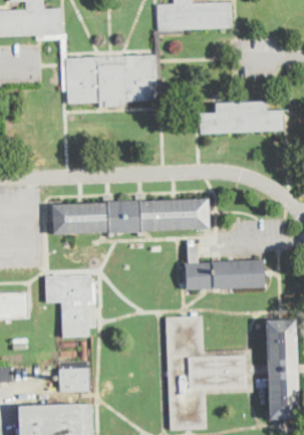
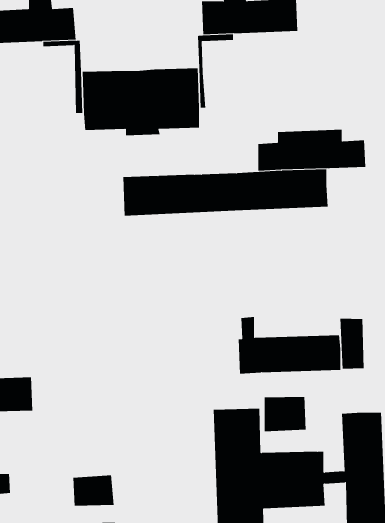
building: [51,199,209,235] -> [123,169,328,216]
building: none -> [340,318,364,370]
building: [44,275,95,337] -> none
building: none -> [264,396,306,432]

